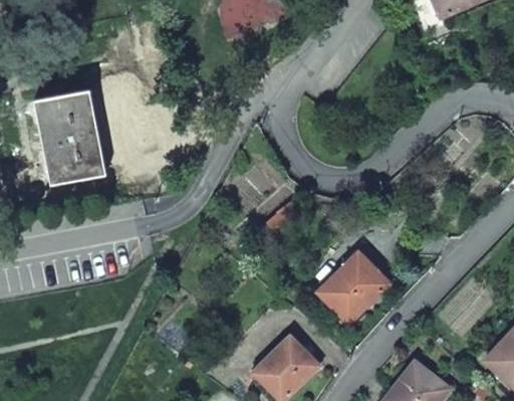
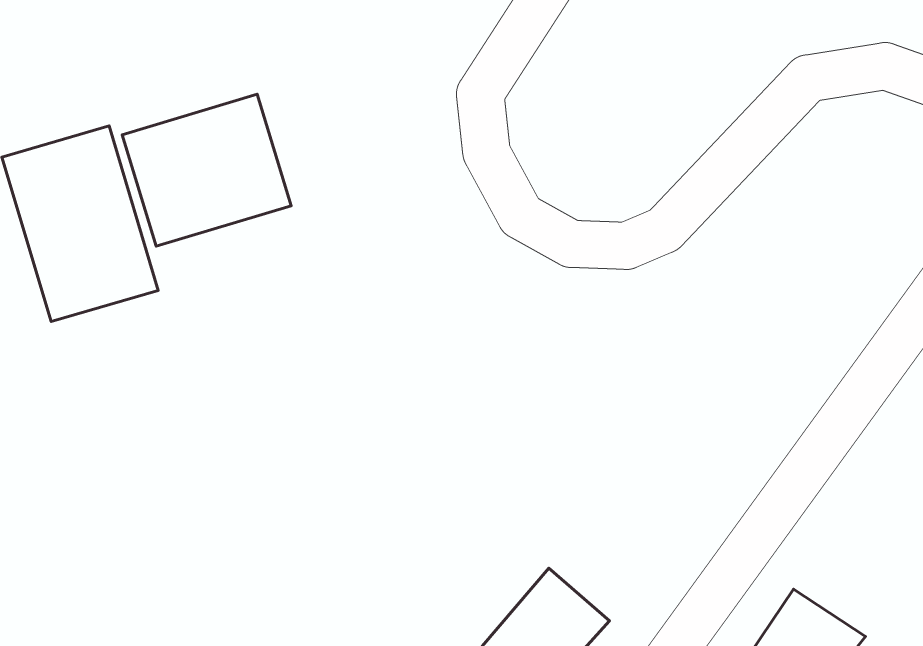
building: none -> [122,94,291,246]
building: [319,255,388,323] -> none

